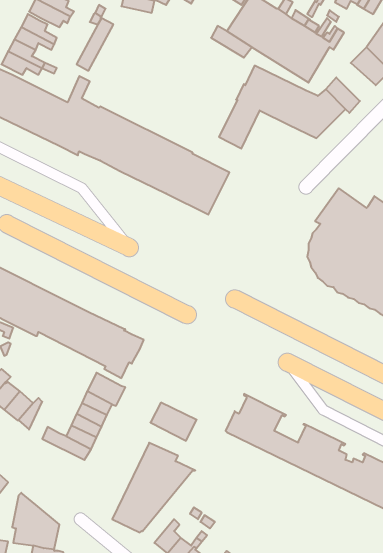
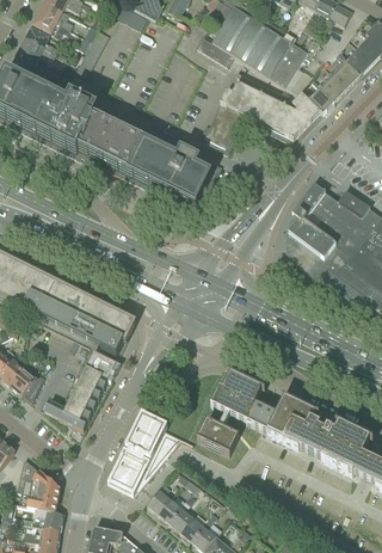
building: none -> [310,69,346,104]
building: [150,403,197,441] -> [197,419,239,454]

